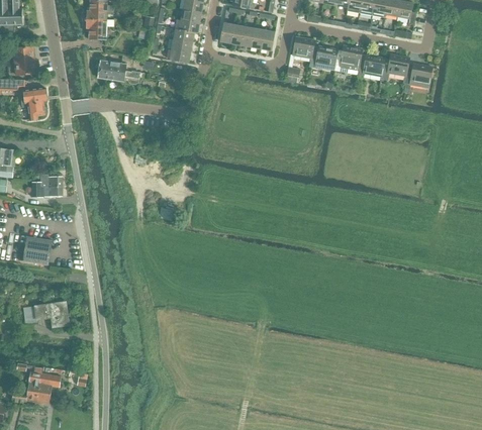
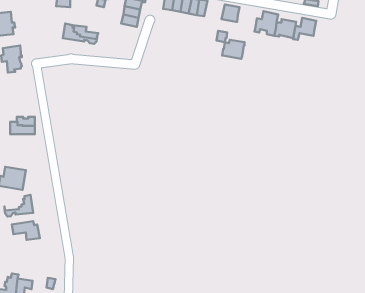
building: [308,46,335,70] -> [222,40,245,59]
building: [403,64,431,88] -> none
building: none -> [4,195,33,217]

